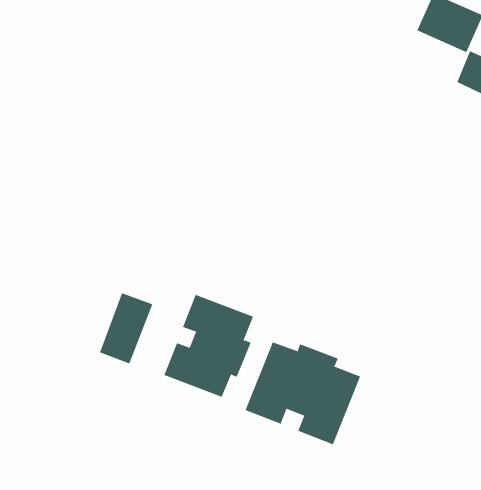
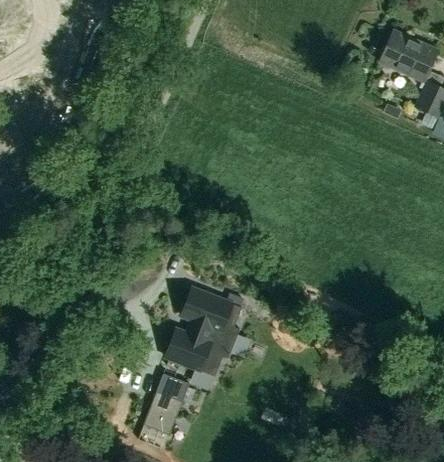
building: [99,293,153,364] -> [143,374,189,435]
building: [245,342,361,445] -> none

